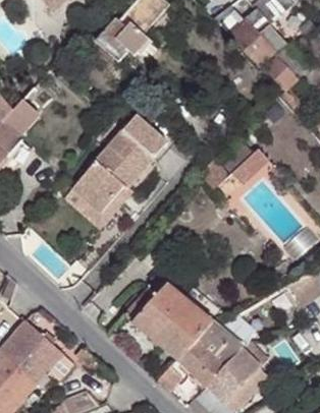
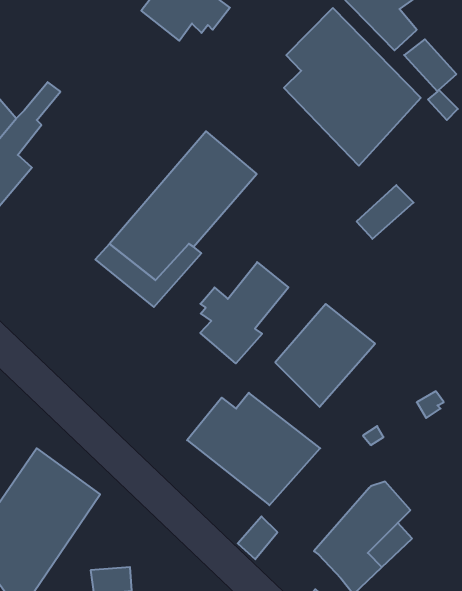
building: none -> [284,8,421,166]
building: none -> [200,262,288,363]
building: [176,318,241,385] -> [275,304,375,407]

